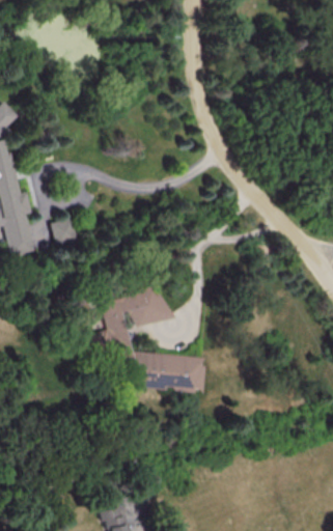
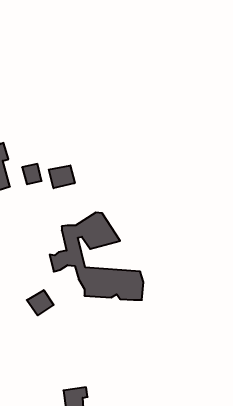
building: none -> [49,165,75,188]
building: none -> [27,290,54,315]

